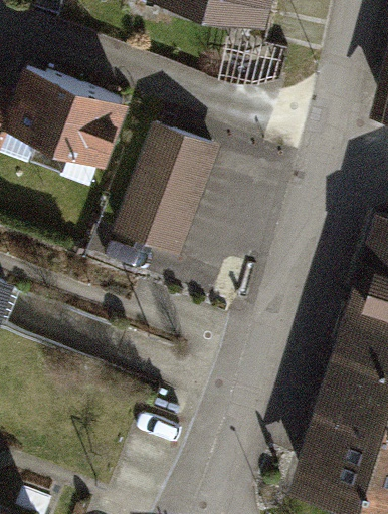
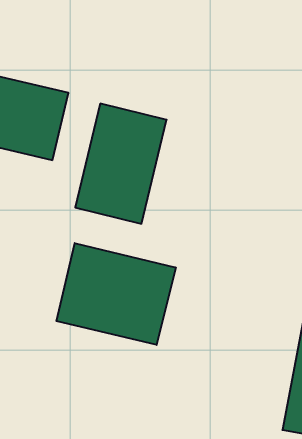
building: none -> [56,243,176,345]

